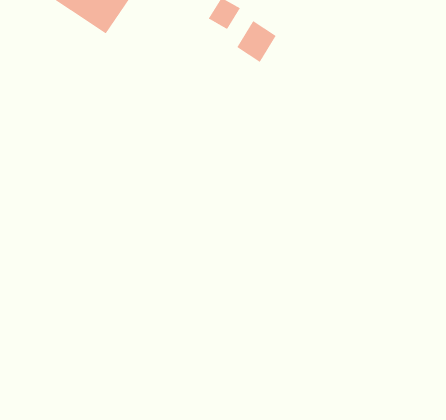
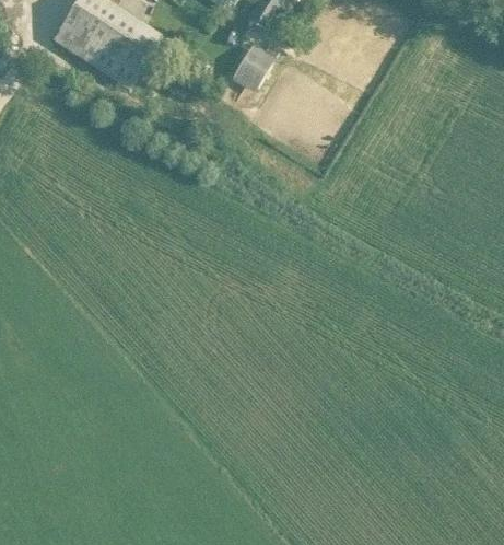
building: [236,20,277,63] -> none

